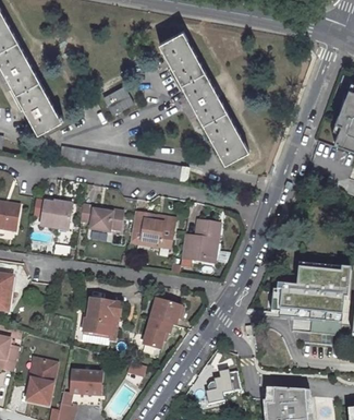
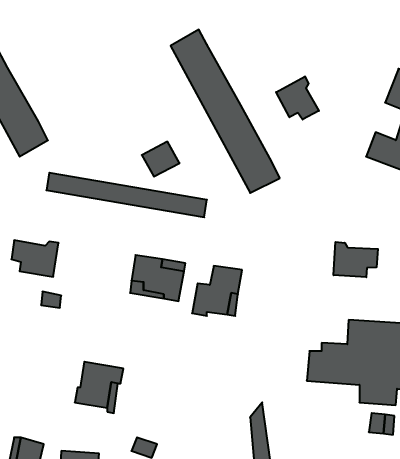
building: none -> [276,76,319,120]
building: [102,85,133,113] -> [142,142,180,177]
building: none -> [334,242,378,277]
building: [76,204,120,231] -> none
building: [145,296,186,348] -> none

